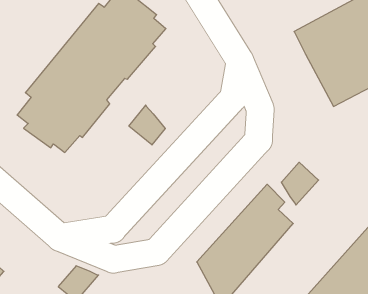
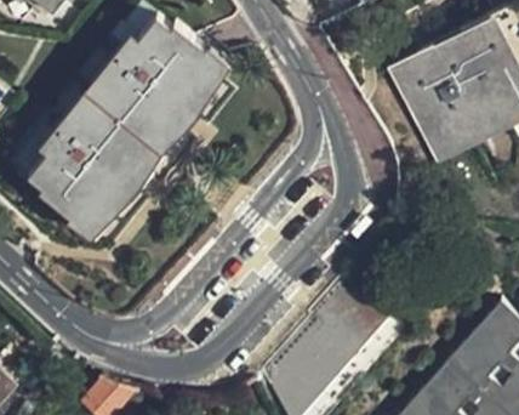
building: [129,105,165,145] -> none
building: [281,162,319,205] -> none

